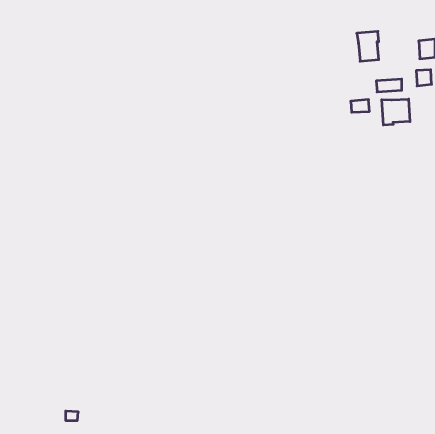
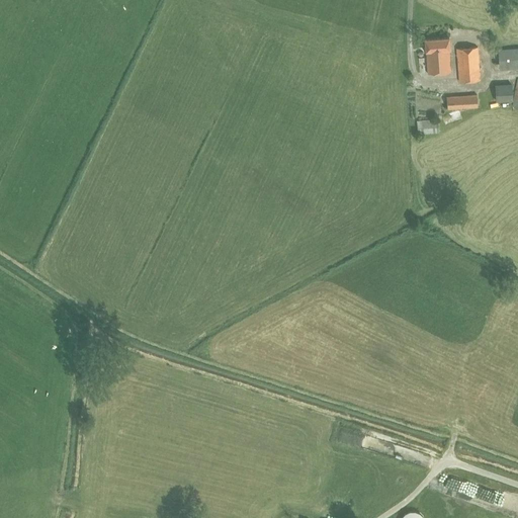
building: none -> [456,48,481,82]
building: [382,99,410,125] -> none

